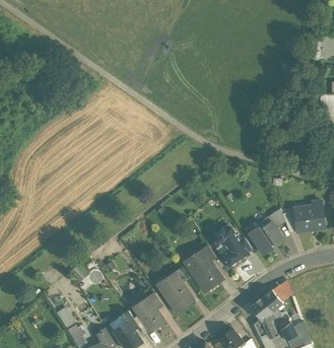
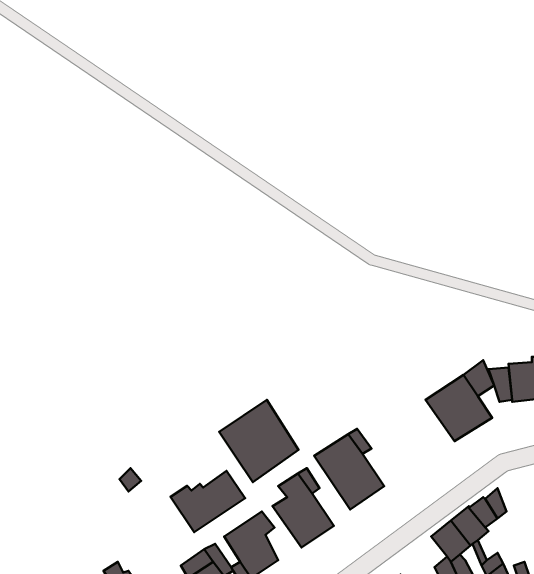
building: [210,224,251,267] -> none
building: none -> [219,400,298,482]
building: none -> [171,471,245,532]

